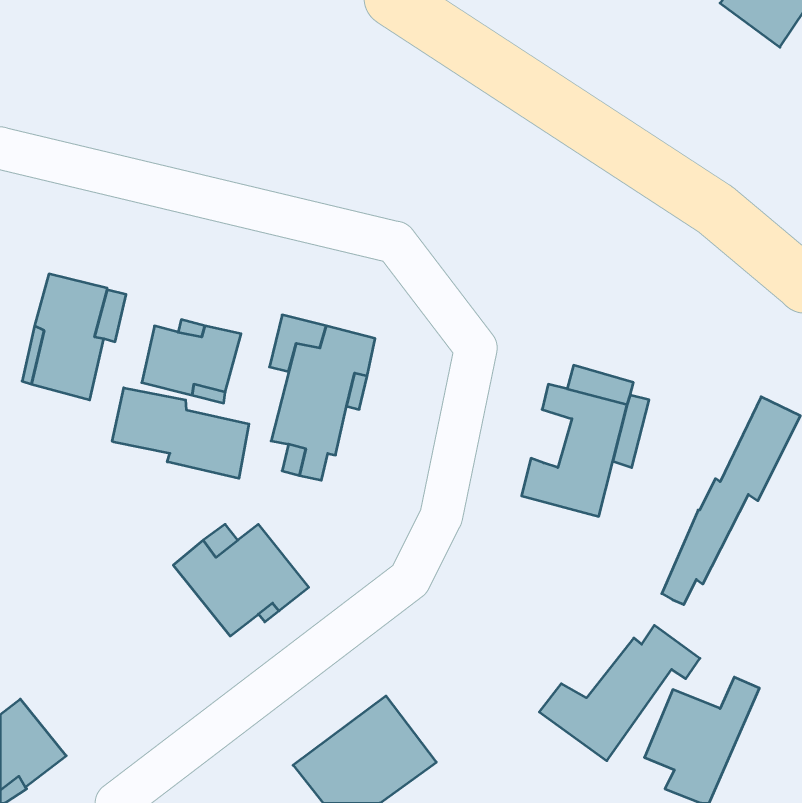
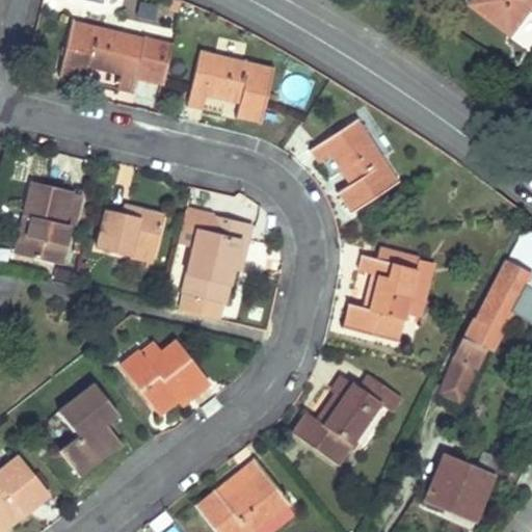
building: none -> [60,18,174,86]
building: none -> [188,50,275,122]
building: none -> [313,119,398,211]
building: [112,388,249,478] -> none
building: none -> [56,389,116,479]
building: [539,625,700,761] -> [293,375,399,464]

